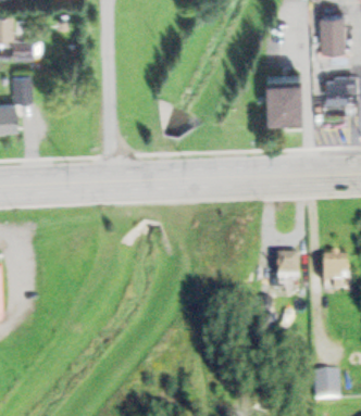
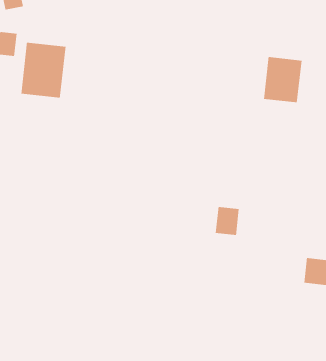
building: none -> [21,42,66,98]
building: [276,259,297,283] -> [215,207,240,235]

